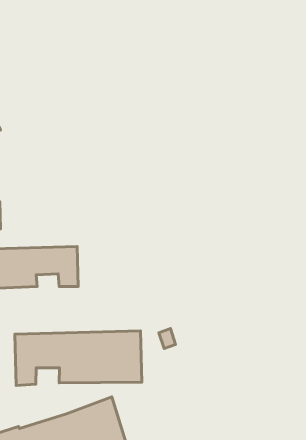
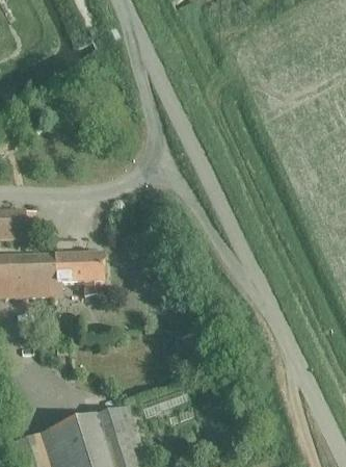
building: [15,331,142,385] -> none

